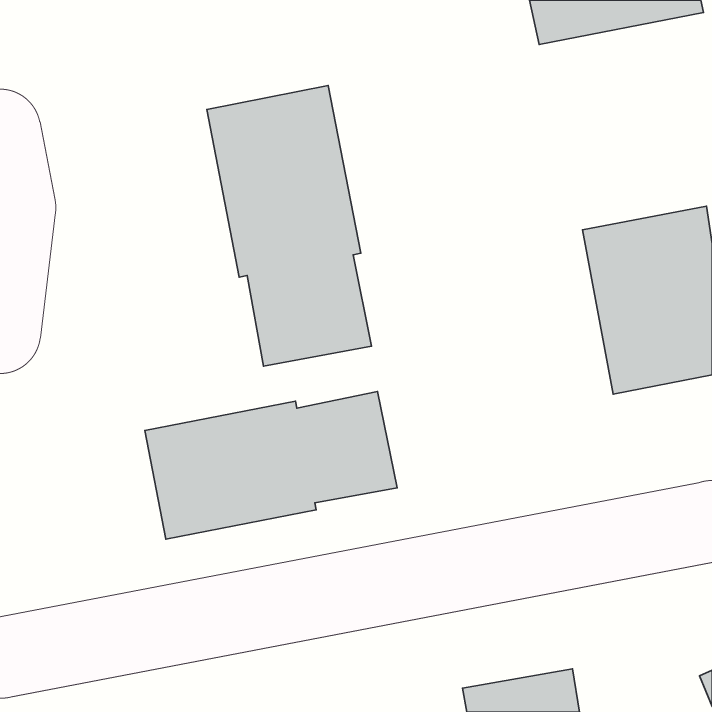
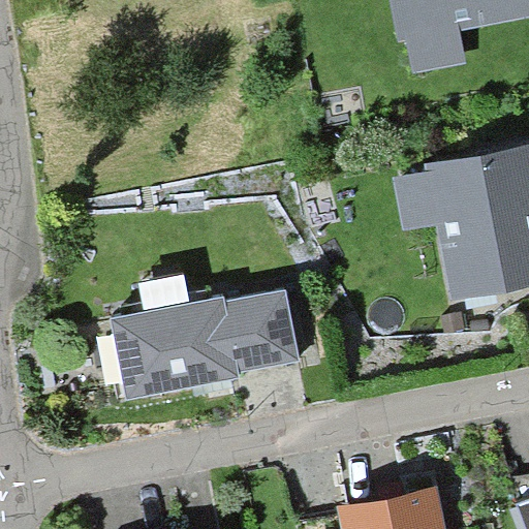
building: [207,86,372,366] -> none

